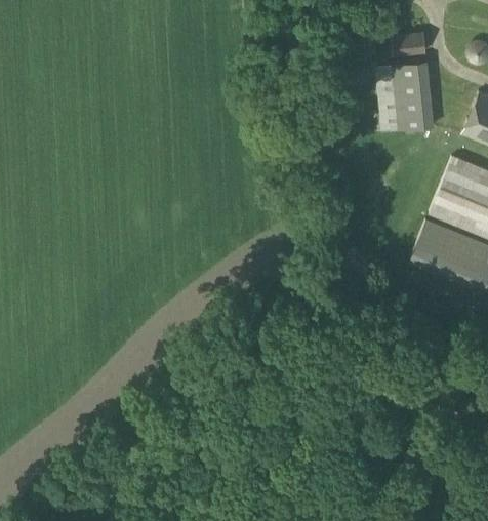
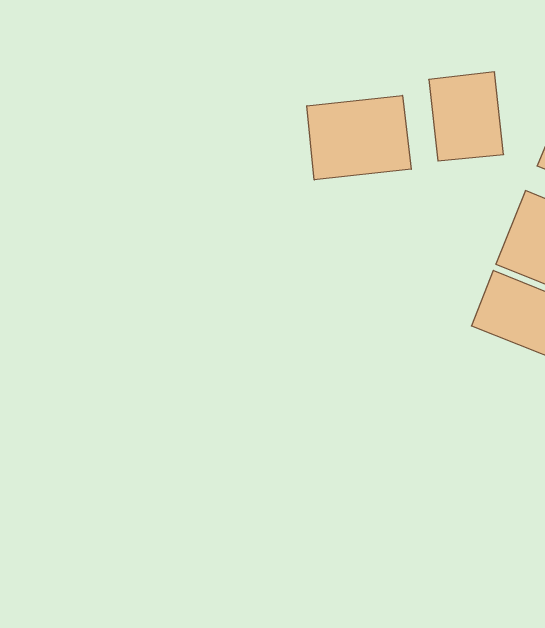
building: [391,32,426,58] -> none
building: none -> [307,95,411,180]

